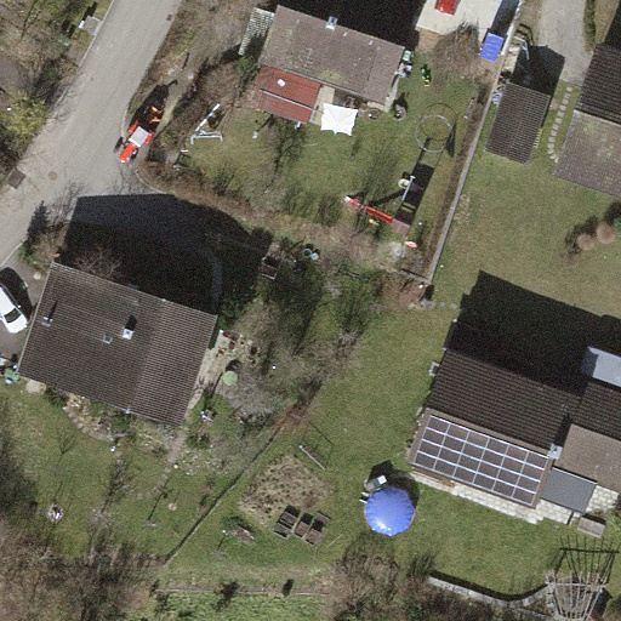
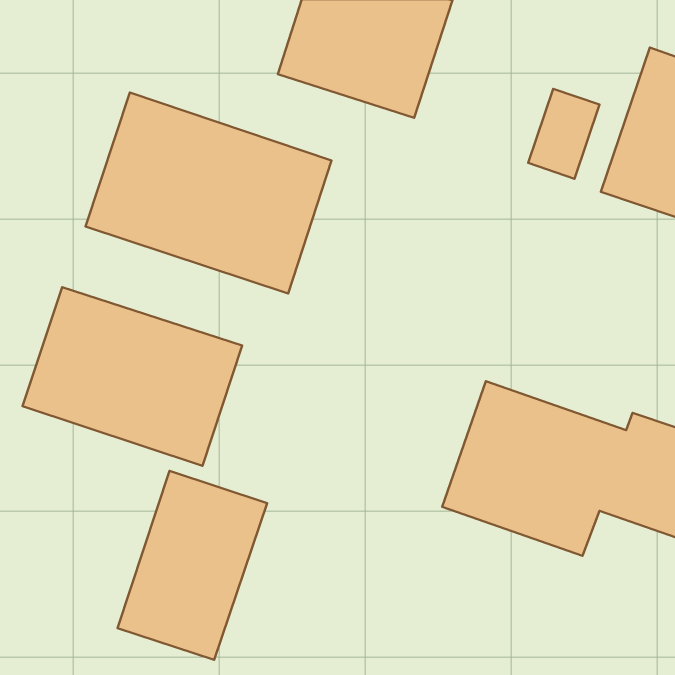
building: none -> [85,92,332,293]
building: none -> [118,471,267,660]

